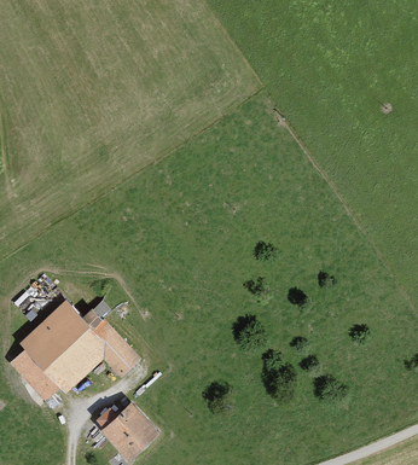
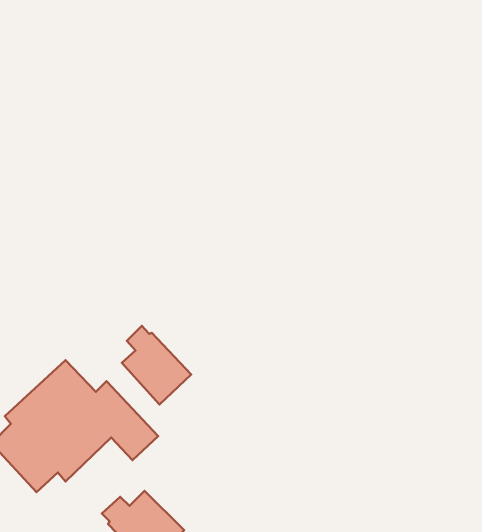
building: none -> [122,326,191,404]

